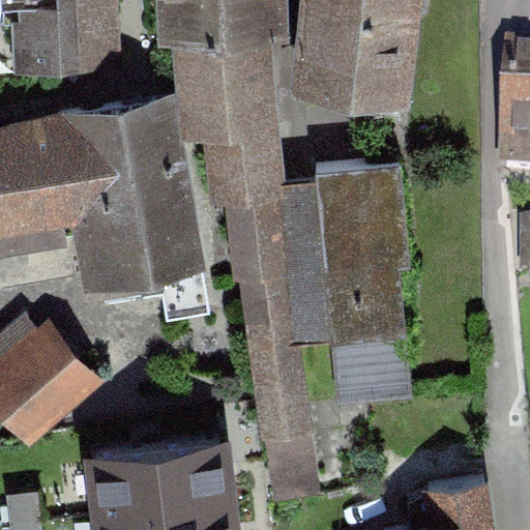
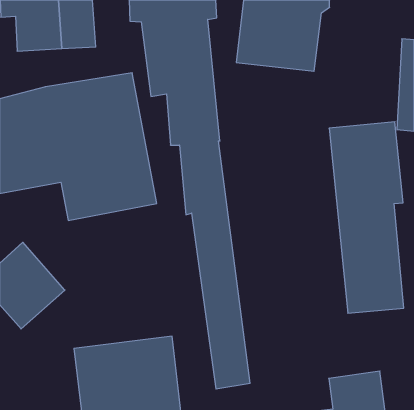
building: [317,160,412,405] -> [329,122,404,313]

